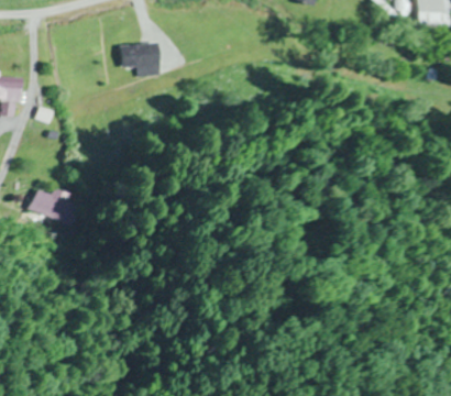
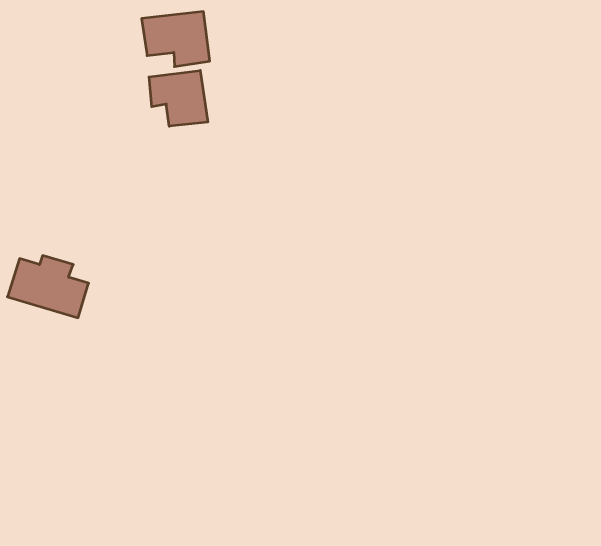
building: none -> [149,70,208,126]

